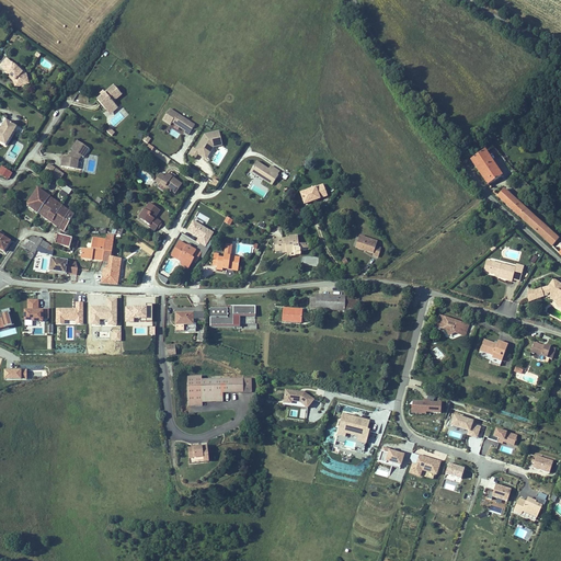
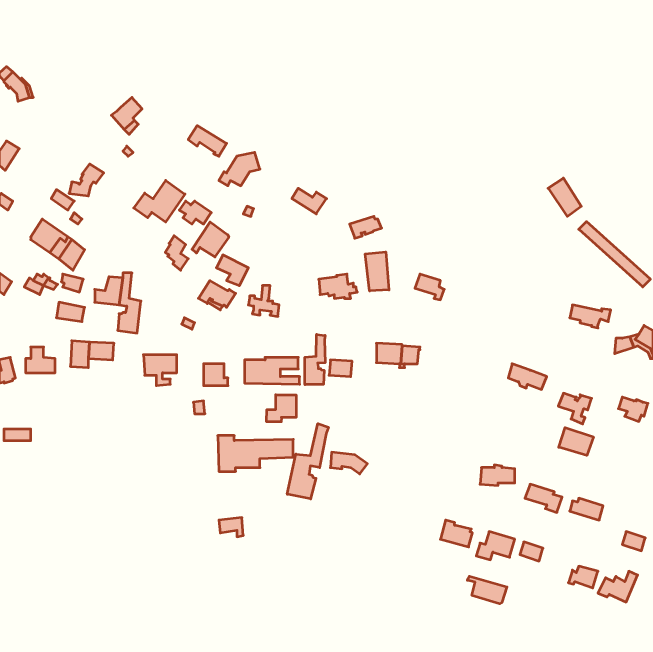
building: none -> [134,180,185,222]
building: none -> [192,222,229,257]
building: none -> [365,252,389,291]
building: none -> [305,334,325,385]
building: none -> [267,395,296,422]
building: none -> [287,424,328,499]
building: none -> [559,428,593,455]
building: [336,412,369,444] -> none
building: none -> [467,576,507,604]

